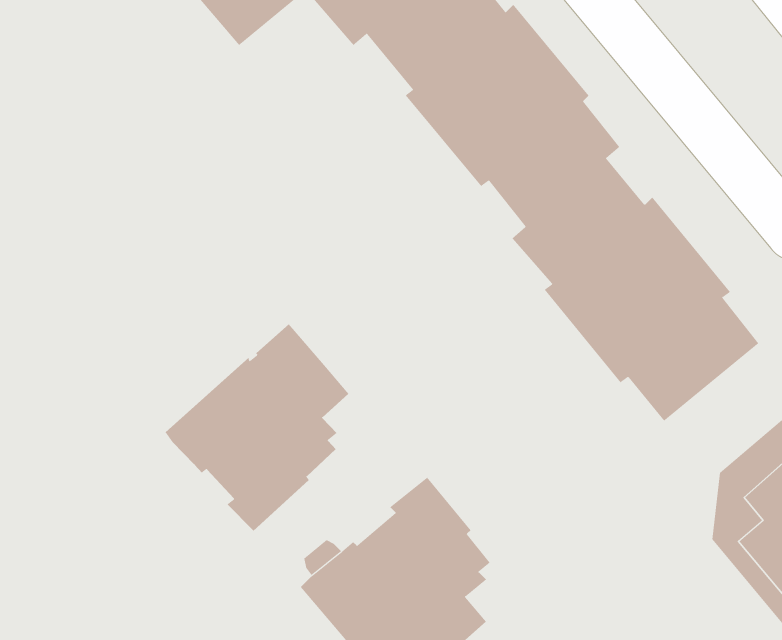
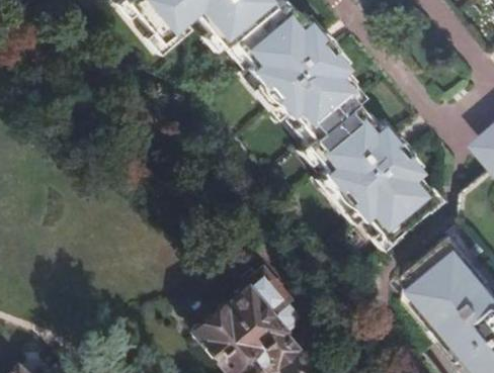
building: [165,324,349,532] -> none

